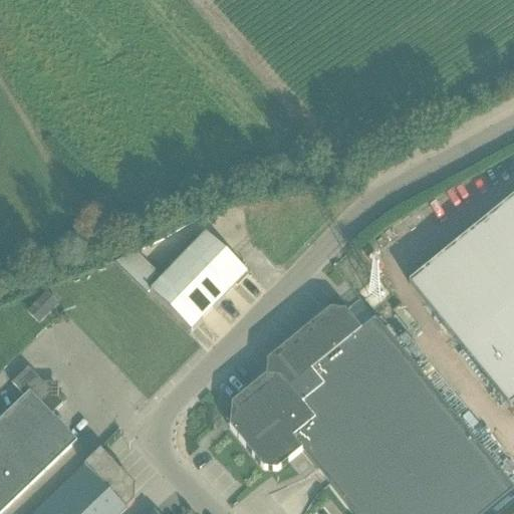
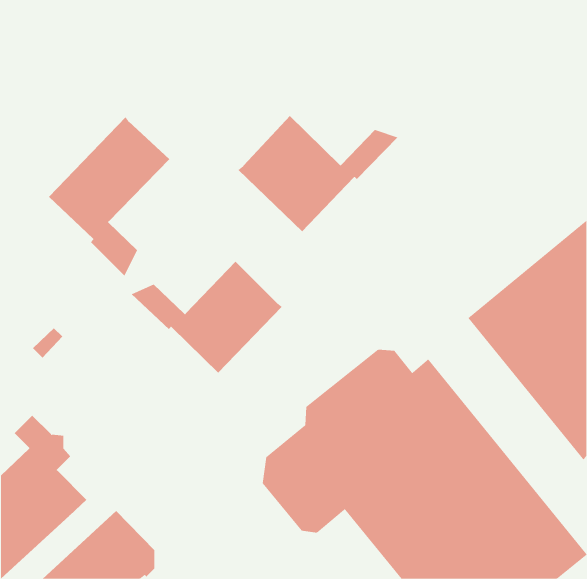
building: none -> [238,115,399,232]
building: none -> [48,117,170,276]

